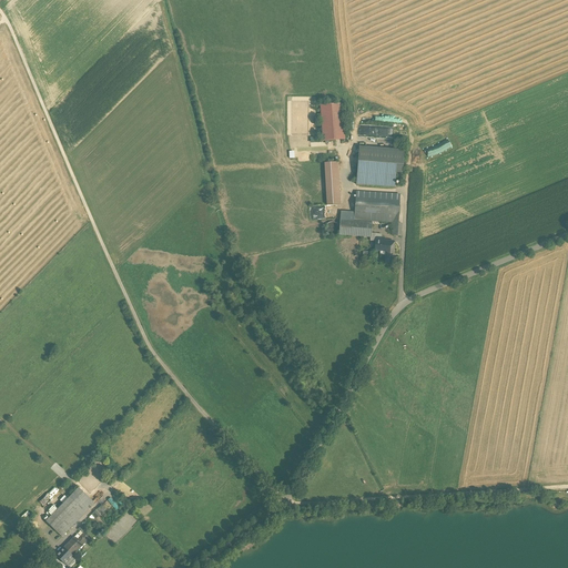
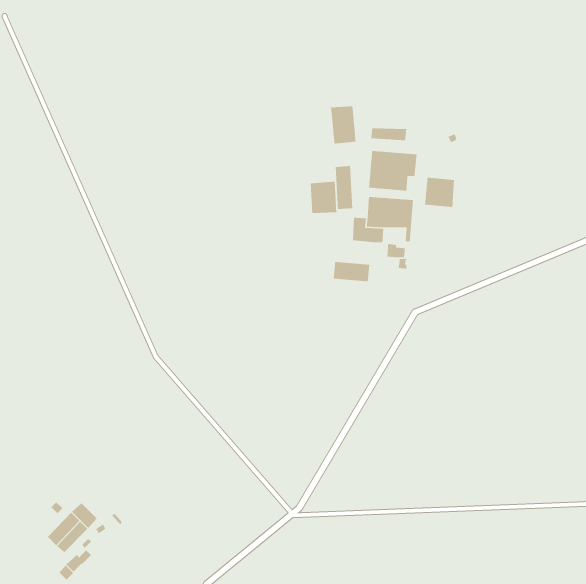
building: none -> [424,177,455,208]
building: none -> [310,181,337,214]
building: none -> [333,261,370,282]

